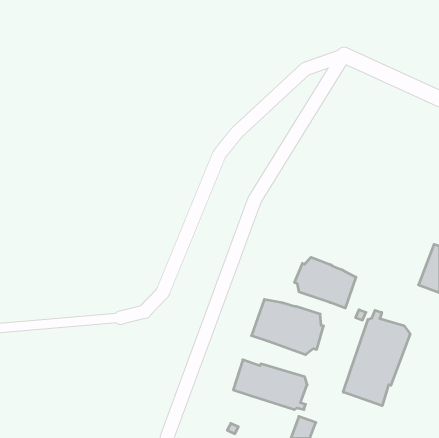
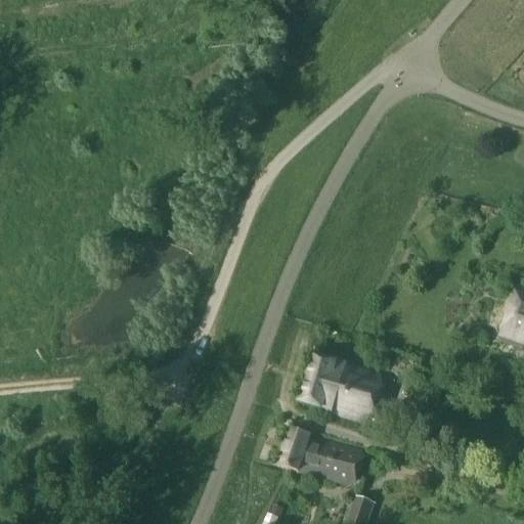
building: [295,257,356,308] -> none
building: [343,310,410,406] -> none

